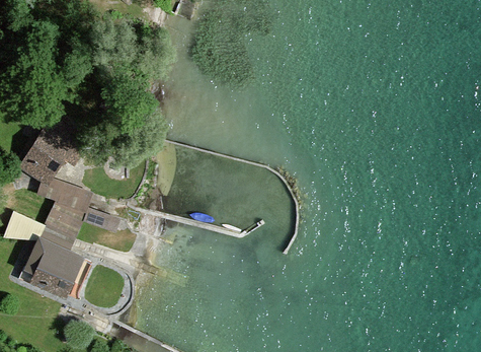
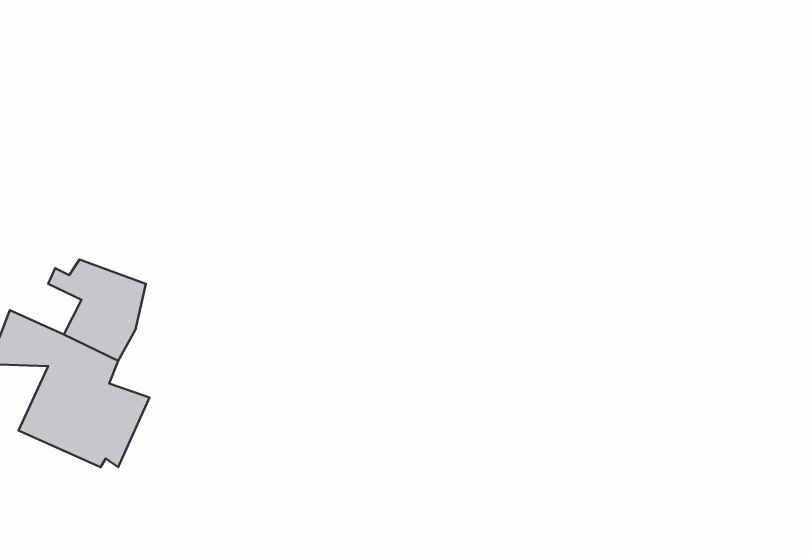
building: [11,117,87,189] -> none

